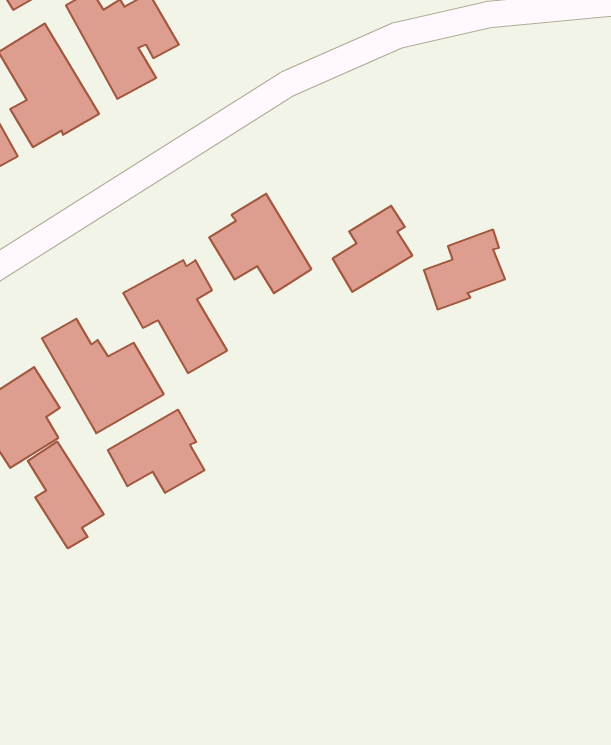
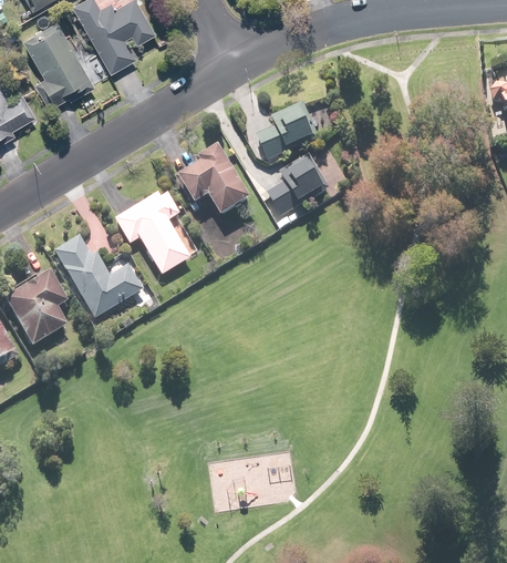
building: [424,230,505,309] -> [257,102,317,161]
building: [108,410,204,493] -> none
building: [28,442,104,548] -> none

